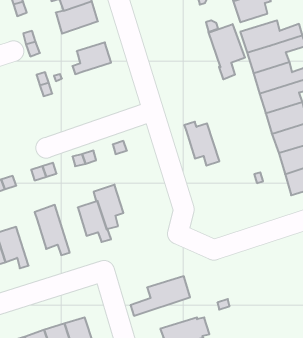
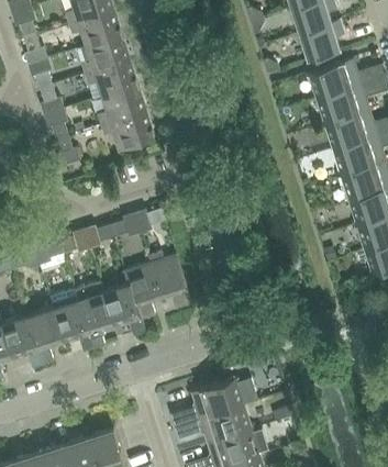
building: none -> [84,59,137,97]
building: [208,24,245,79] -> none
building: none -> [100,111,154,148]
building: [184,122,219,166] -> [147,253,191,308]
building: none -> [75,281,114,348]
building: none -> [26,308,64,365]
building: none -> [174,404,253,444]

